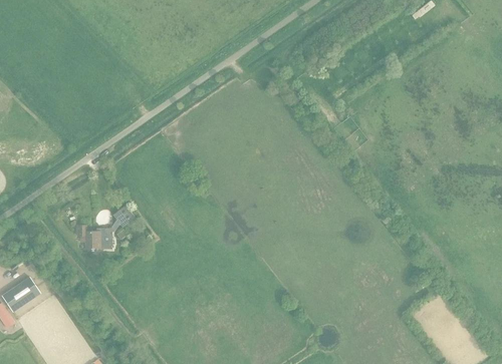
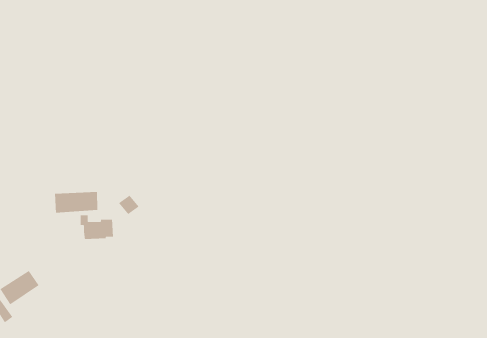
building: none -> [54,191,98,214]

